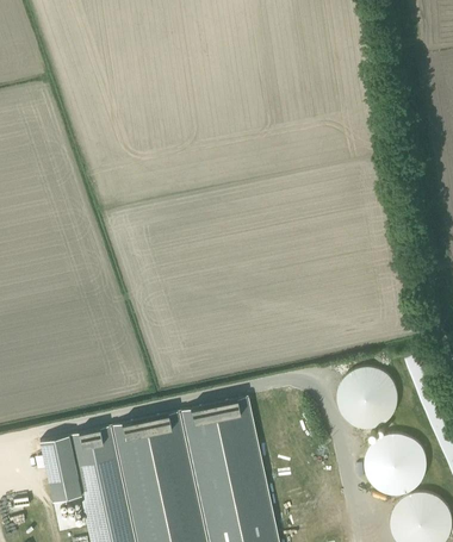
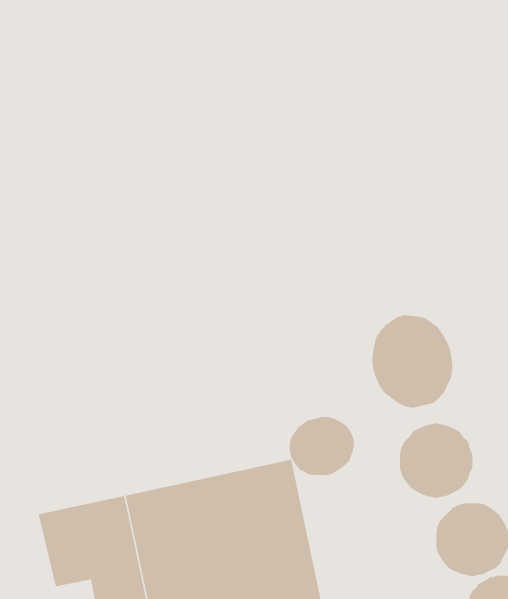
building: none -> [372,314,453,409]
building: none -> [289,416,354,476]

